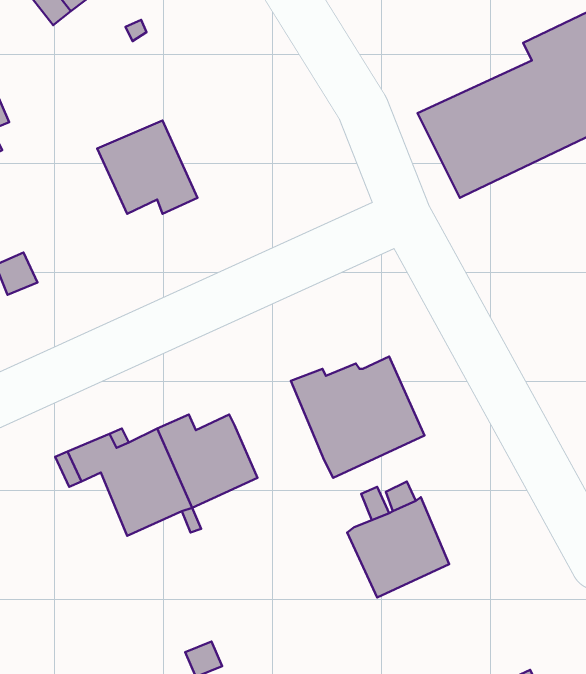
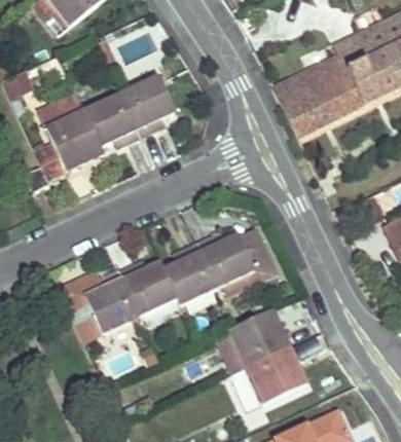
building: none -> [122,74,176,136]
building: none -> [40,94,105,170]
building: none -> [165,243,217,304]
building: none -> [248,349,306,405]

